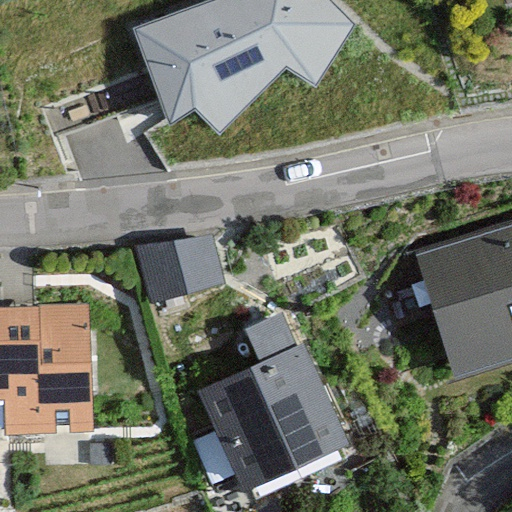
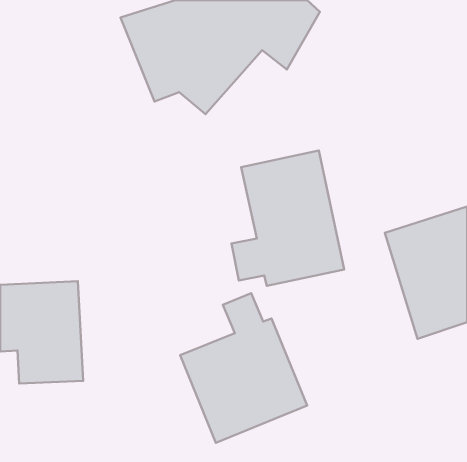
building: none -> [231,151,344,286]
building: [139,234,229,301] -> none

